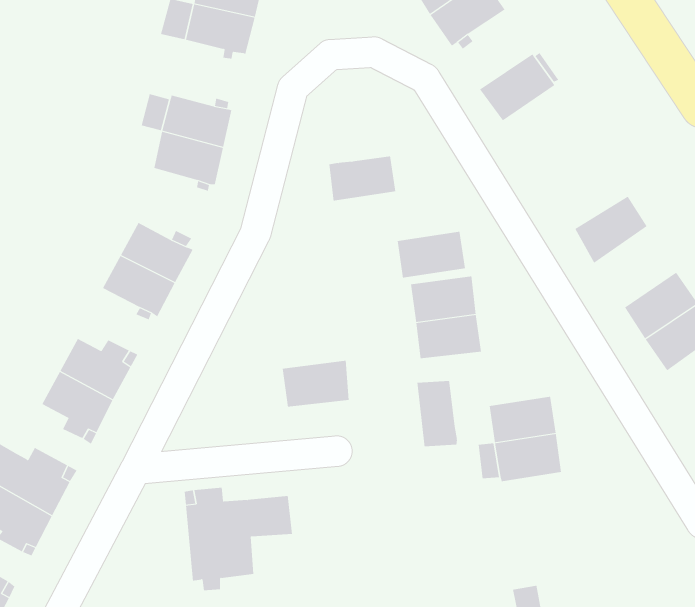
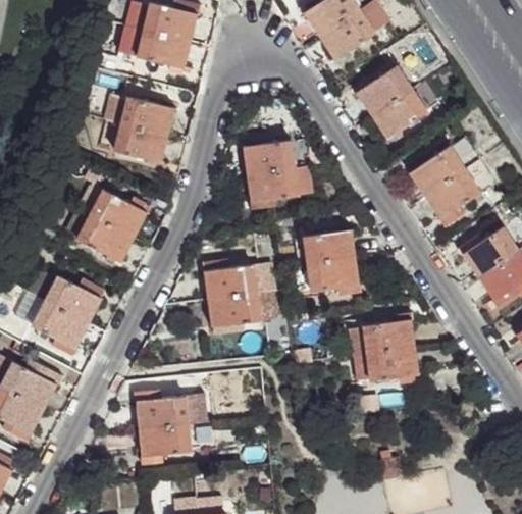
building: none -> [373,90,427,140]
building: none -> [409,146,466,196]
building: [397,231,466,278] -> [248,168,299,203]
building: none -> [207,266,258,299]
building: [417,380,457,447] -> none

